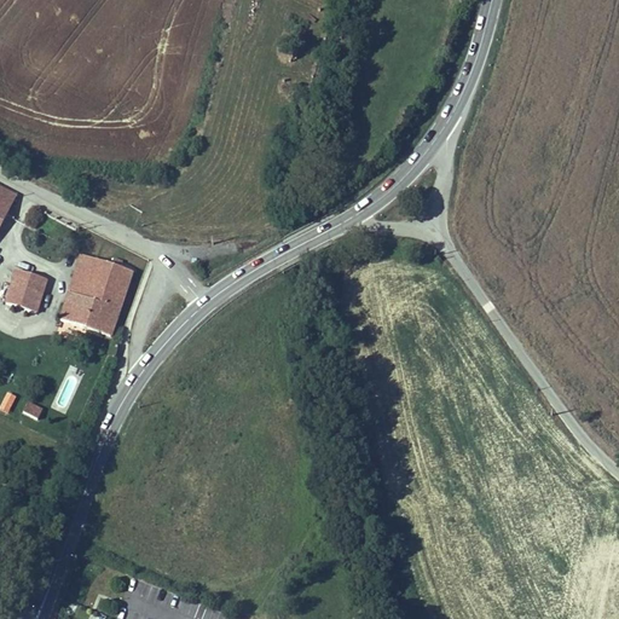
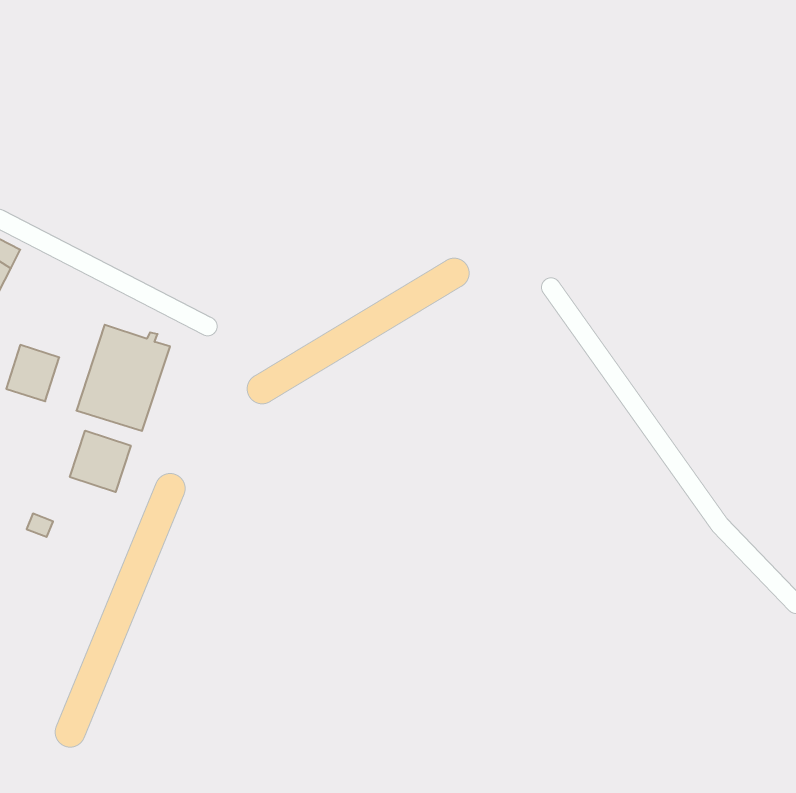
building: none -> [70,431,131,492]

